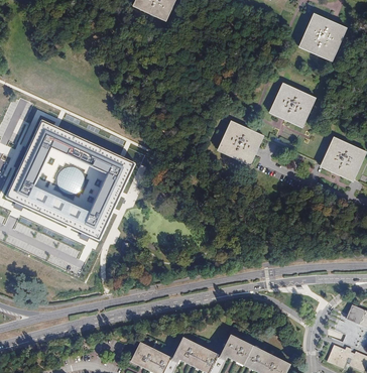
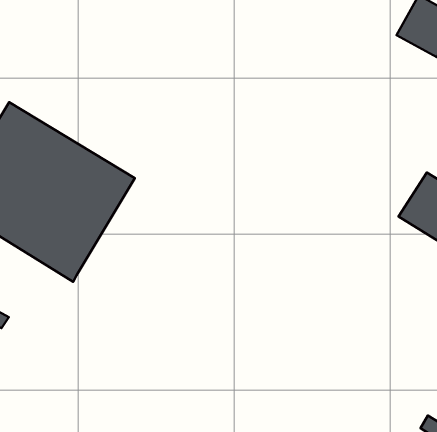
building: [271,86,313,124] -> none
building: [220,123,260,161] -> none

